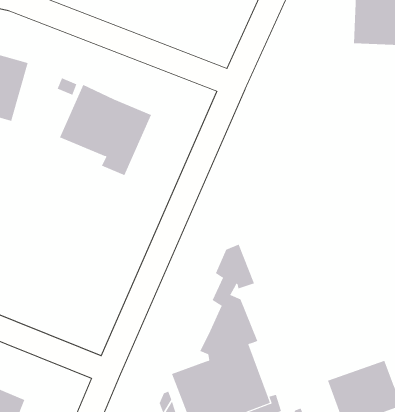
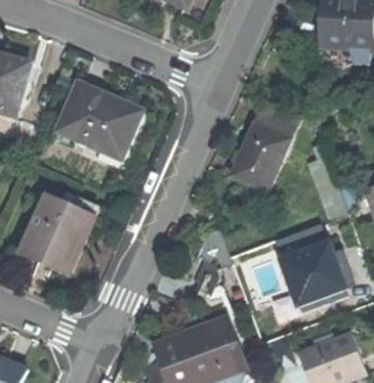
building: none -> [232,103,297,193]
building: none -> [20,195,96,270]
building: none -> [281,237,346,312]

